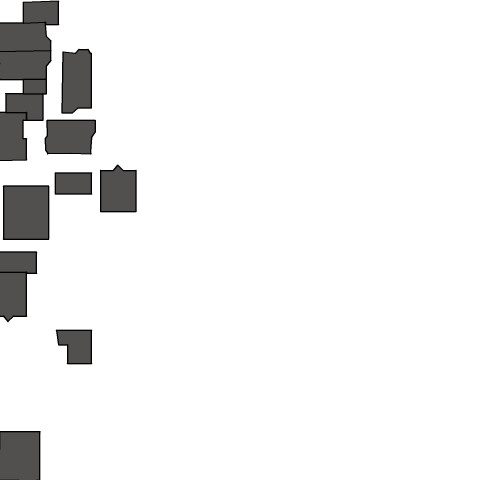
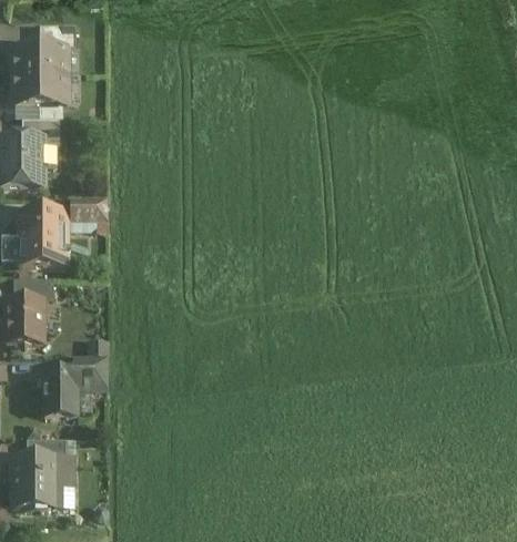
building: [62,49,91,113] -> none
building: [45,120,95,154] -> none
building: [101,165,136,212] -> none
building: none -> [43,371,83,417]
building: none -> [26,440,64,460]

